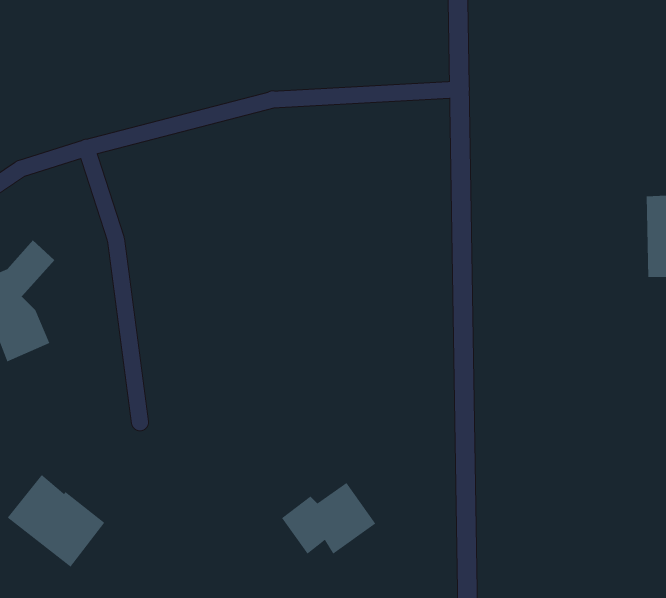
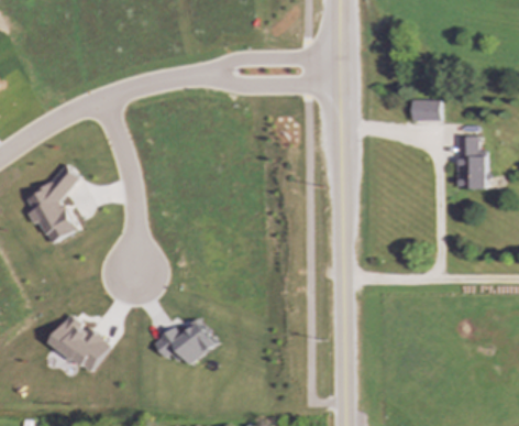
building: none -> [412,99,440,120]
building: [281,482,376,555] -> [155,318,216,364]

